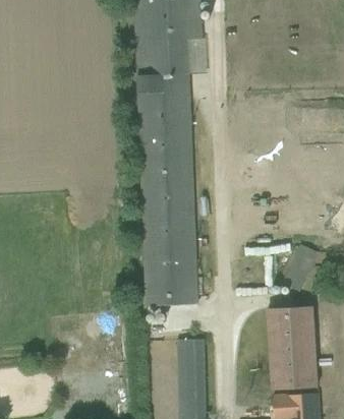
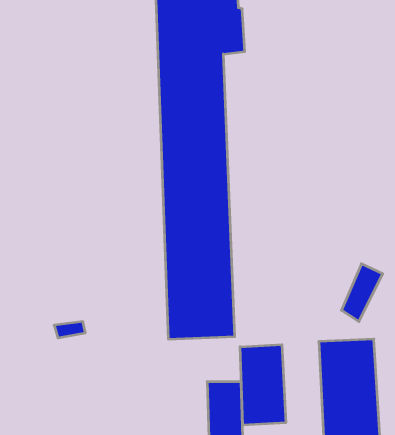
building: none -> [240,345,286,425]

